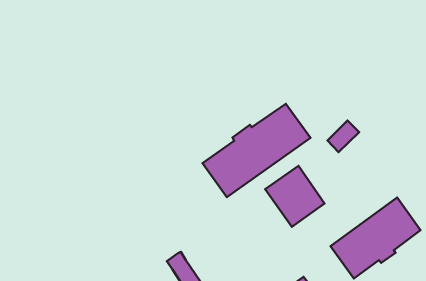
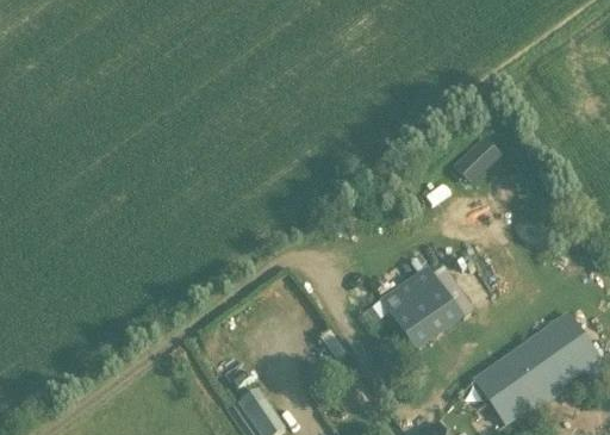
building: [202,104,310,197] -> none
building: [328,121,359,152] -> [454,139,499,185]

